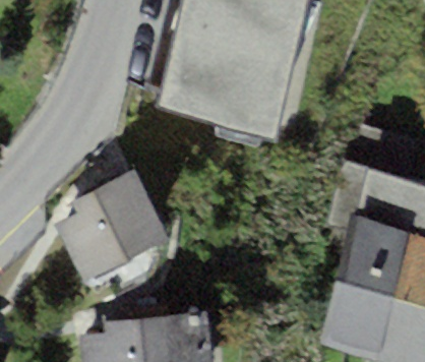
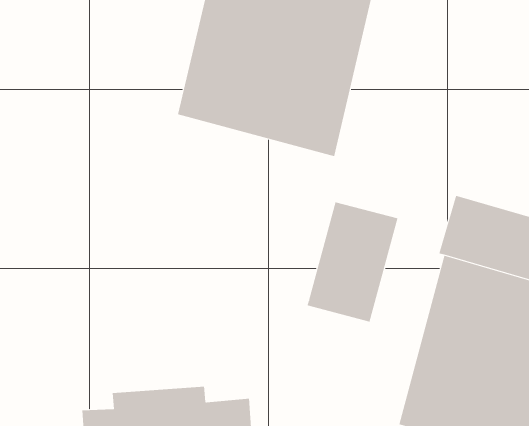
building: [55,171,169,282] -> none
building: none -> [307,201,398,322]

